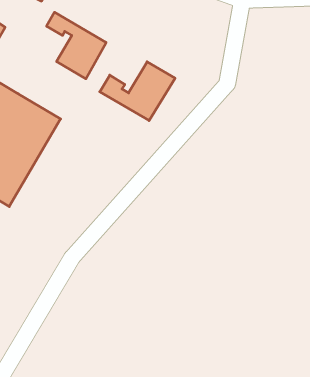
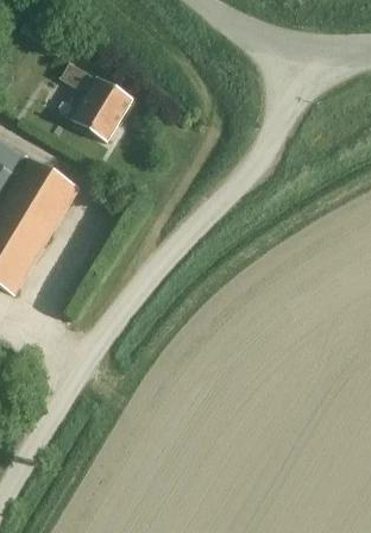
building: [100,62,175,121] -> none

